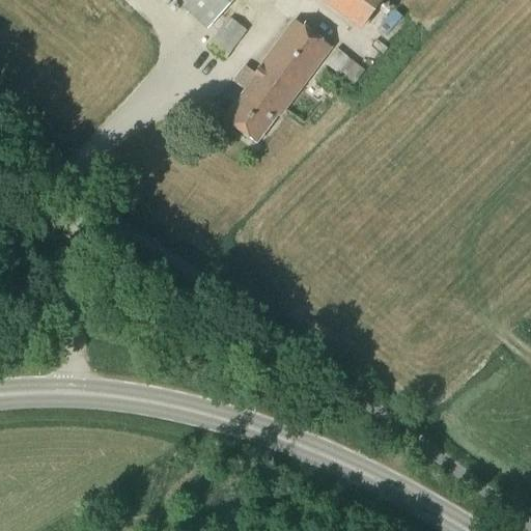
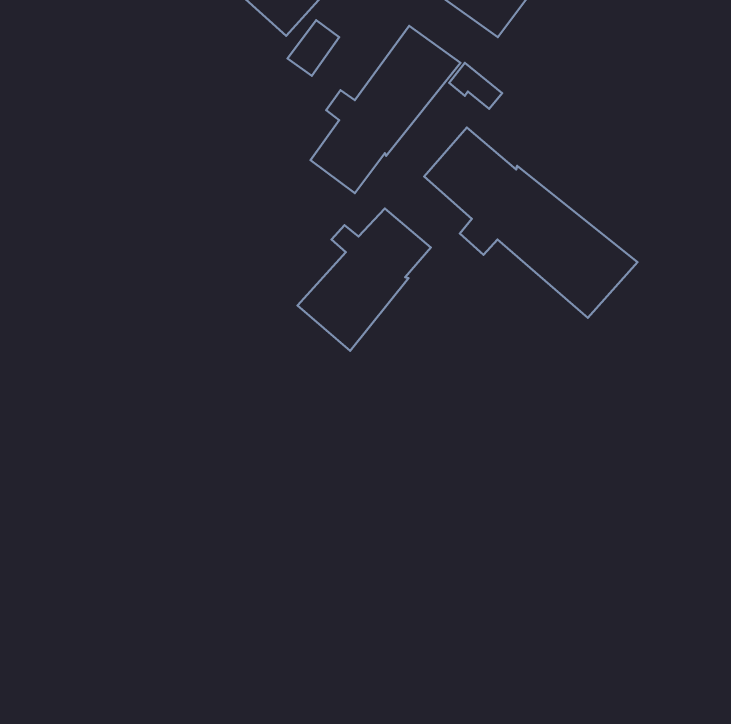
building: none -> [424,128,637,318]
building: none -> [297,208,431,351]

